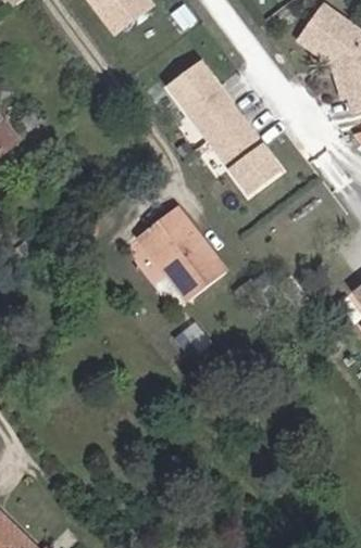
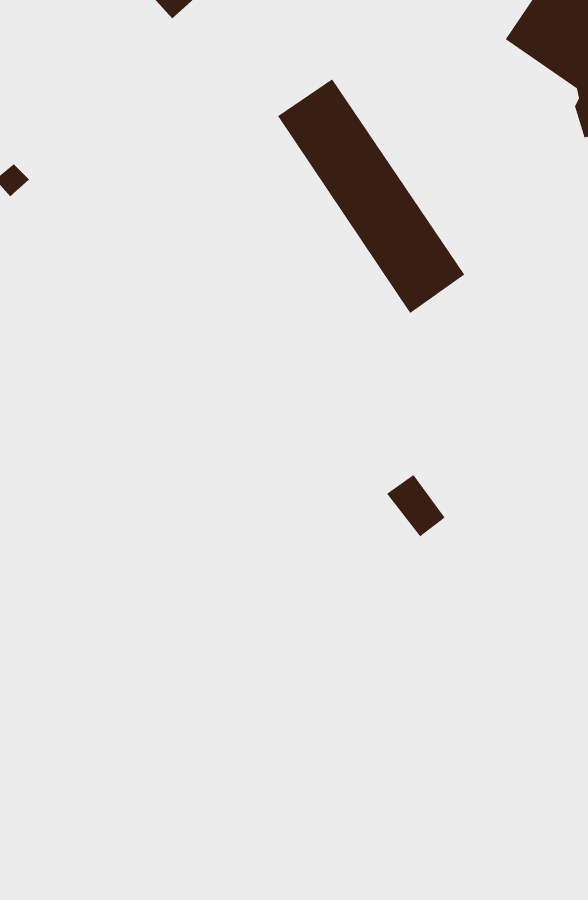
building: [140,208,227,302] -> none

